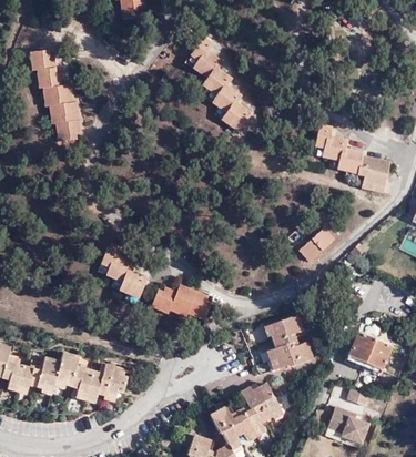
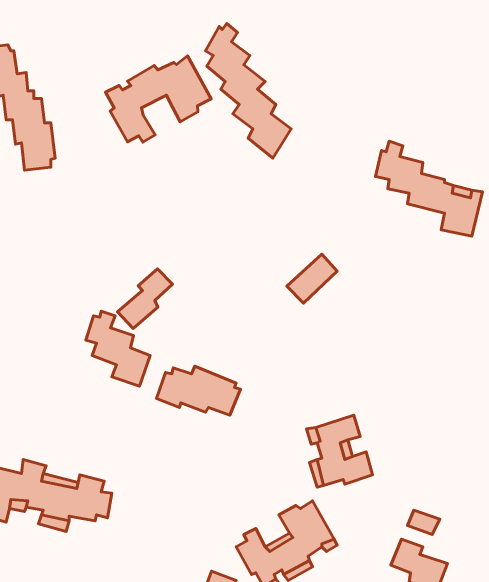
building: none -> [105,56,211,142]
building: none -> [118,269,172,329]
building: [301,225,337,261] -> [287,254,337,303]
building: [344,336,387,375] -> none

